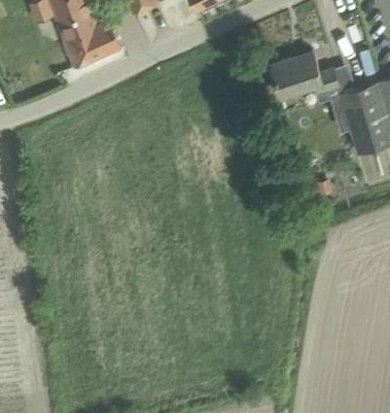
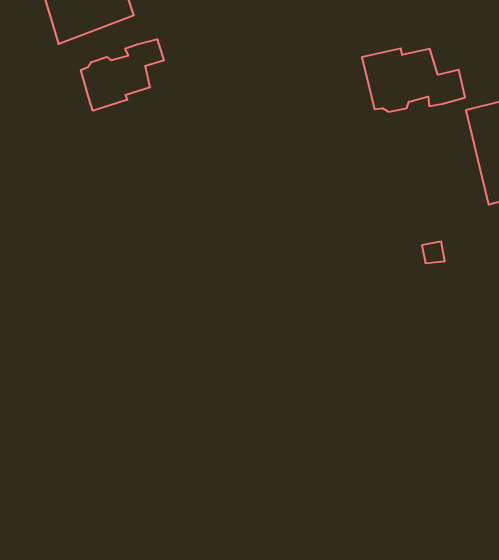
building: none -> [81,39,164,111]

